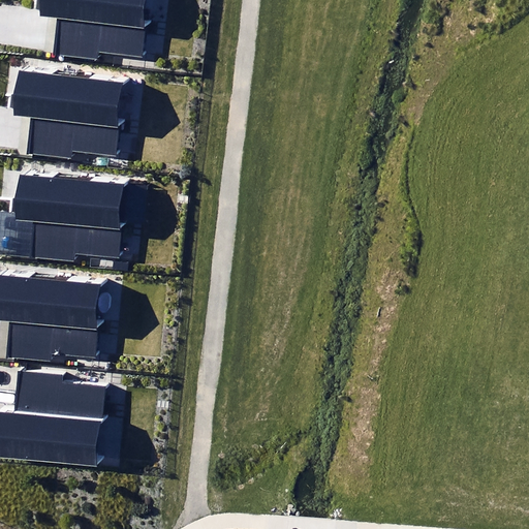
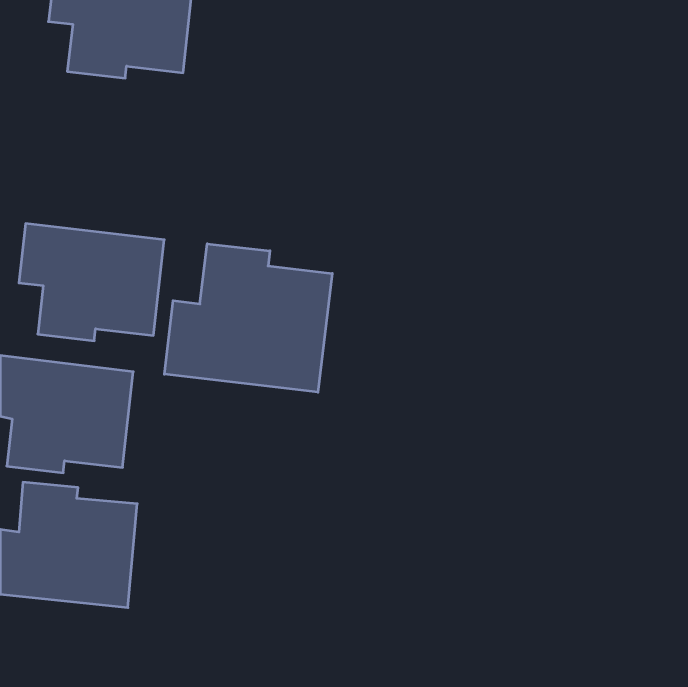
building: [13,68,125,158] -> none
building: none -> [164,244,332,392]

